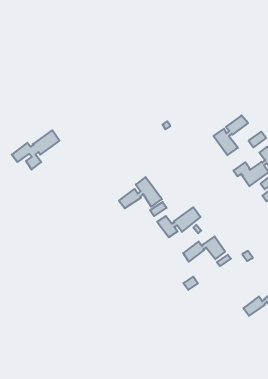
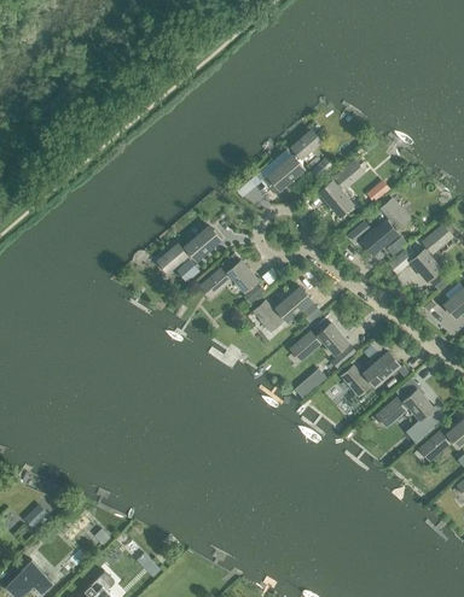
building: none -> [262,130,320,193]
building: [12,130,59,170] -> [158,226,220,280]
building: none -> [342,351,399,394]

